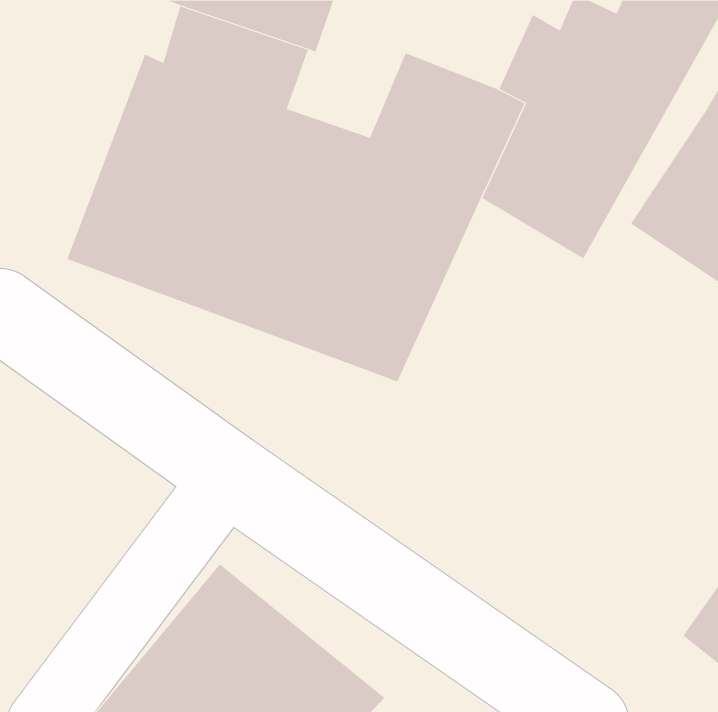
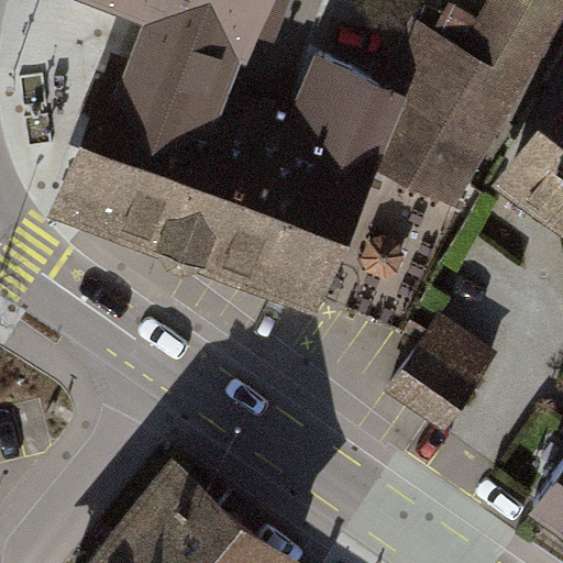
building: none -> [389,316,500,434]

